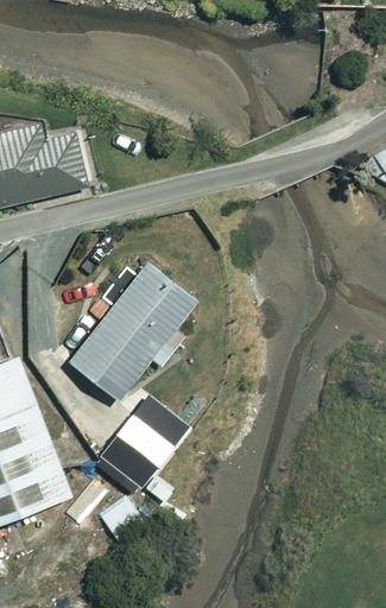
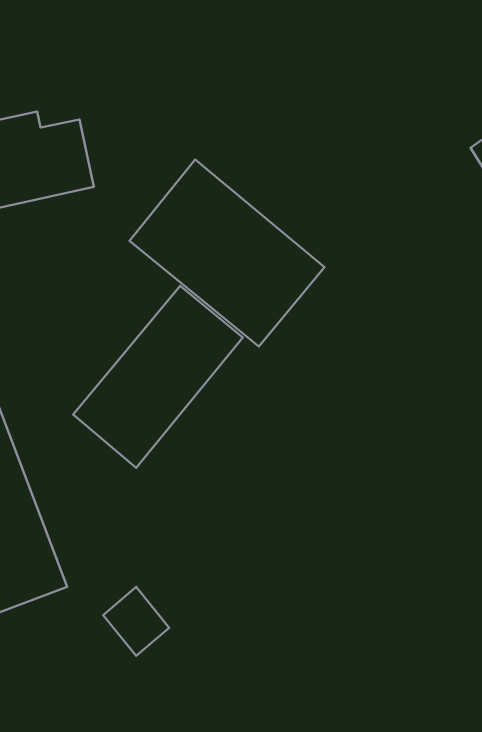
building: none -> [130,160,324,347]
building: [103,416,176,488] -> none

